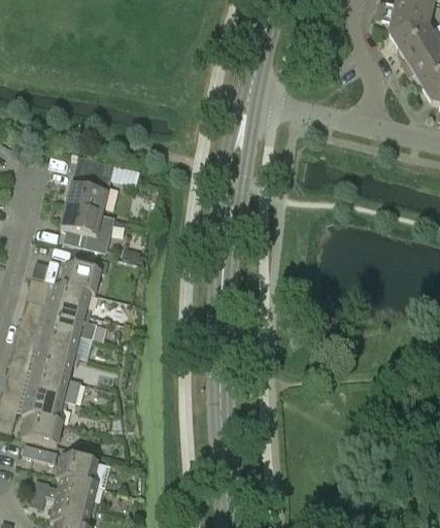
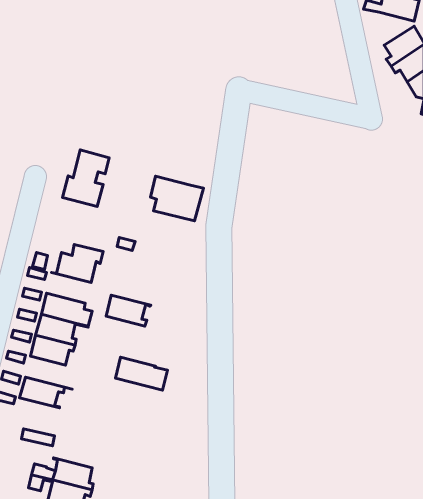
building: [374,11,429,48] -> none
building: [60,206,114,253] -> [151,176,203,221]
building: [48,284,95,316] -> [106,295,151,326]
building: [27,370,80,404] -> [116,357,167,390]
building: [21,414,62,446] -> none
building: [56,454,109,487] -> none

